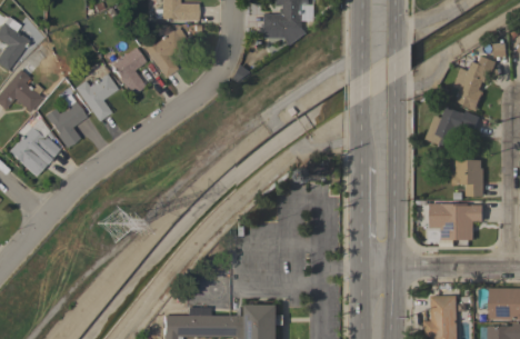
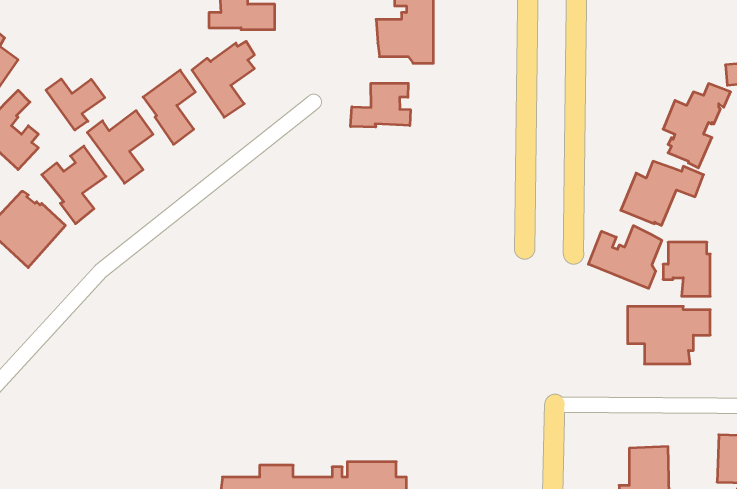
building: none -> [46,79,105,130]
building: none -> [351,83,410,127]
building: none -> [588,226,662,288]

